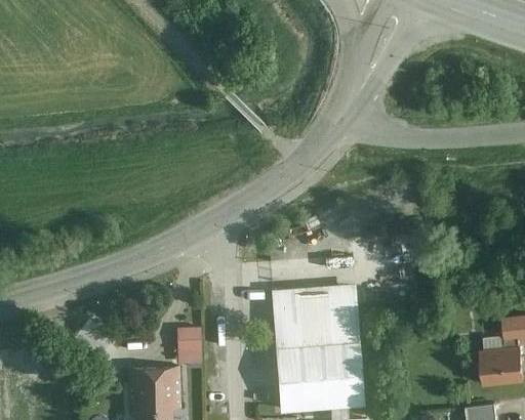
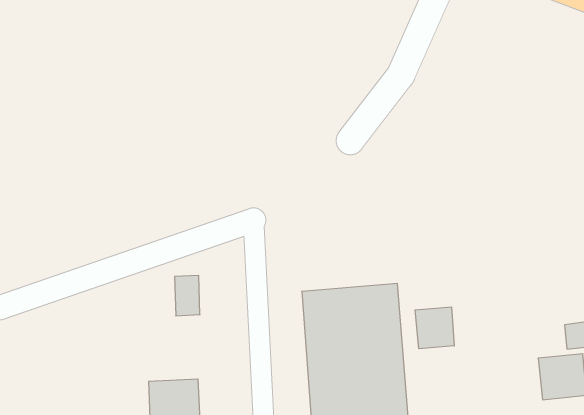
building: none -> [415,307,454,349]
building: [176,329,199,365] -> [175,275,200,316]

